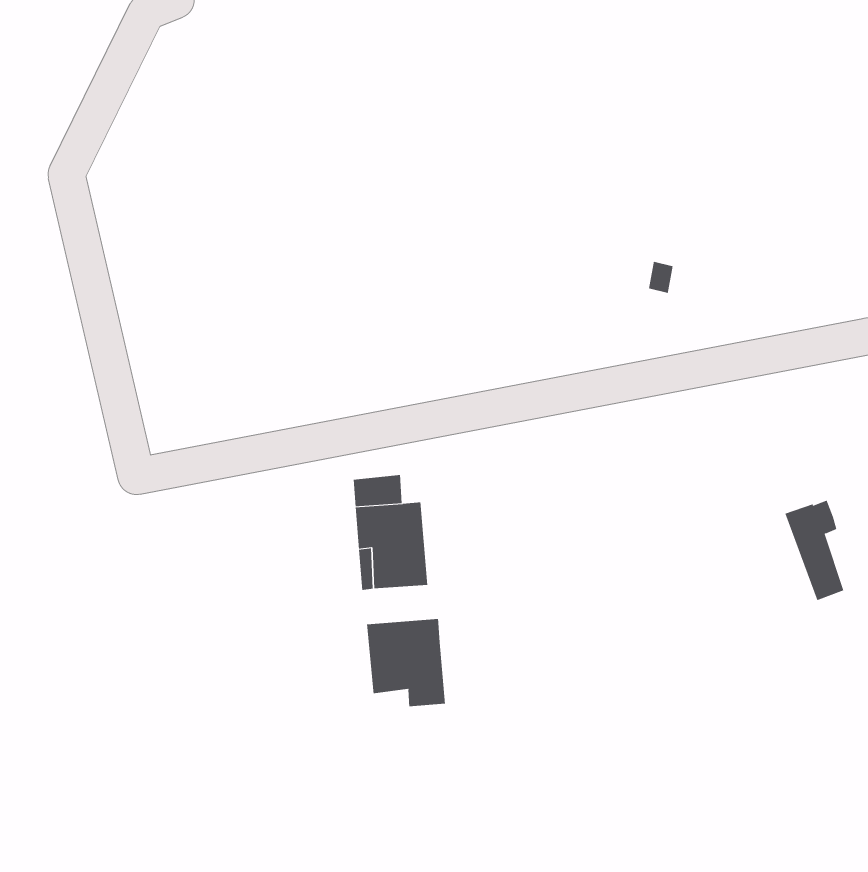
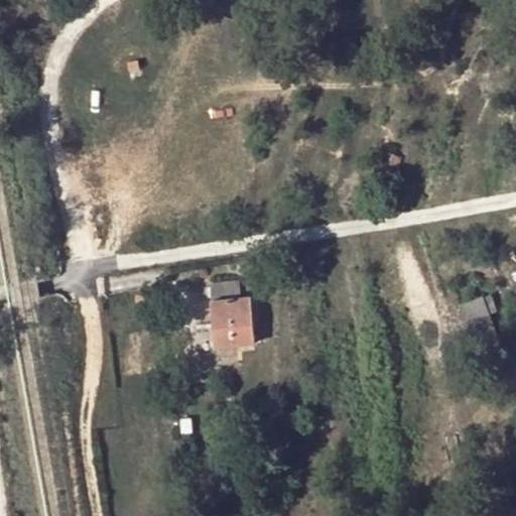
building: [367,618,446,707] -> none

